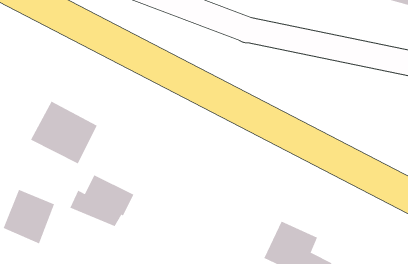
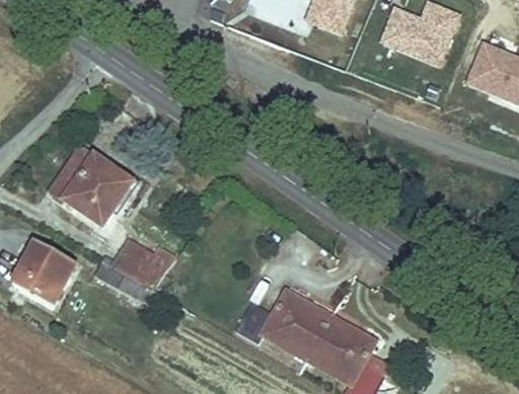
building: none -> [234,289,329,358]

